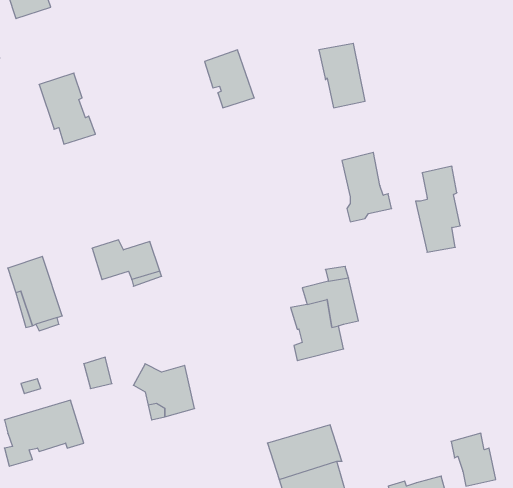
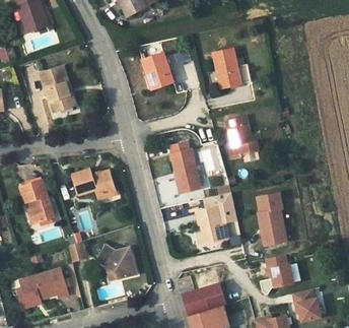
building: [416,166,460,252] -> [257,192,284,245]
building: none -> [170,142,200,193]
building: none -> [266,254,293,285]

